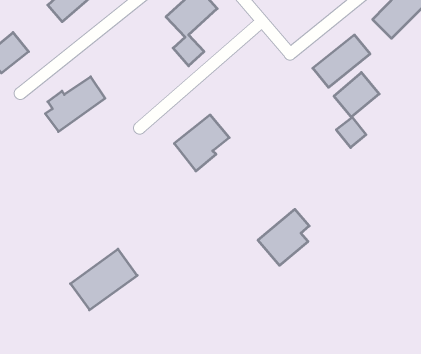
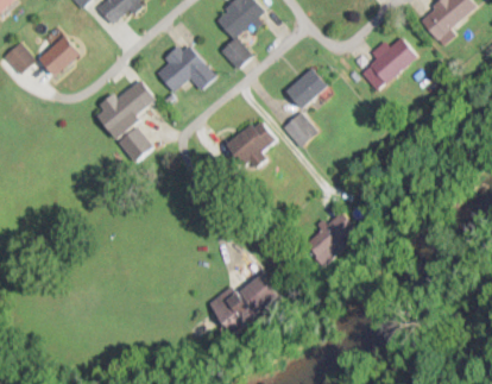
building: none -> [157,43,216,94]
building: [334,72,379,148] -> [284,69,329,144]
building: none -> [118,126,154,163]
building: [70,249,137,310] -> [213,273,279,334]

